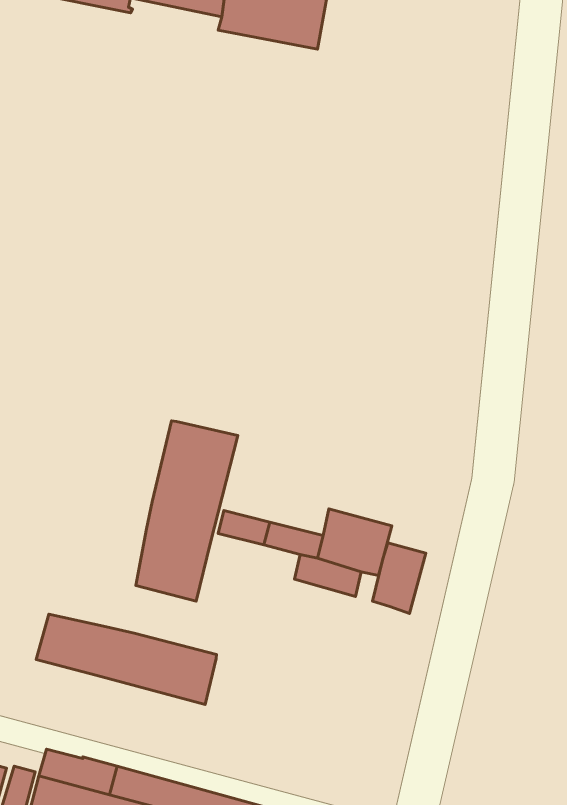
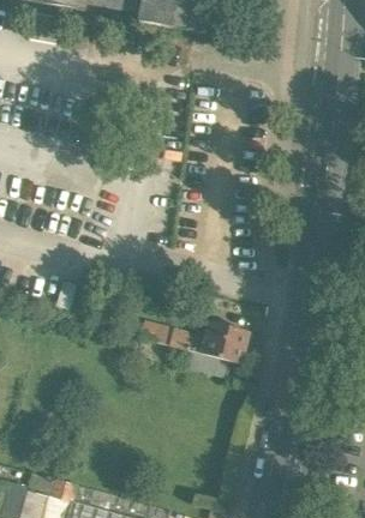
building: [136,421,238,601] -> none
building: [372,543,426,613] -> none
building: [36,614,216,705] -> none

